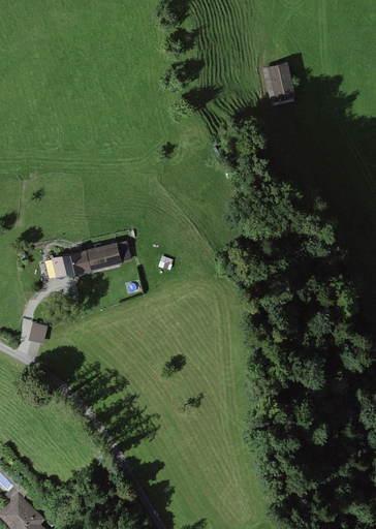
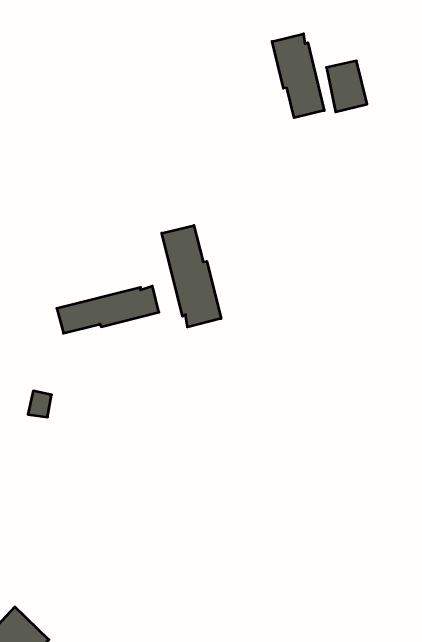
building: none -> [272,34,324,118]
building: none -> [162,225,221,327]

